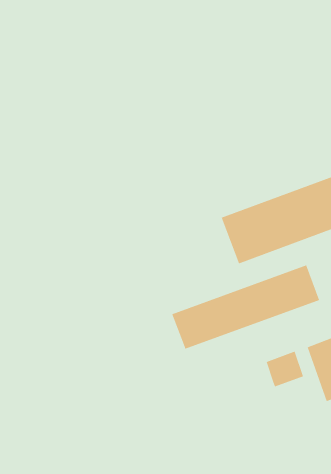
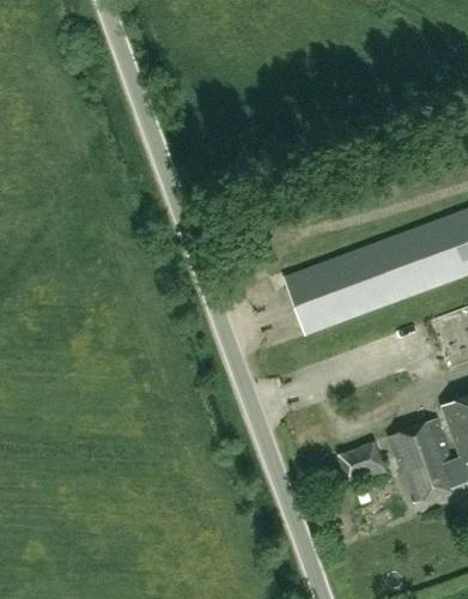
building: [171,264,320,350] -> none

